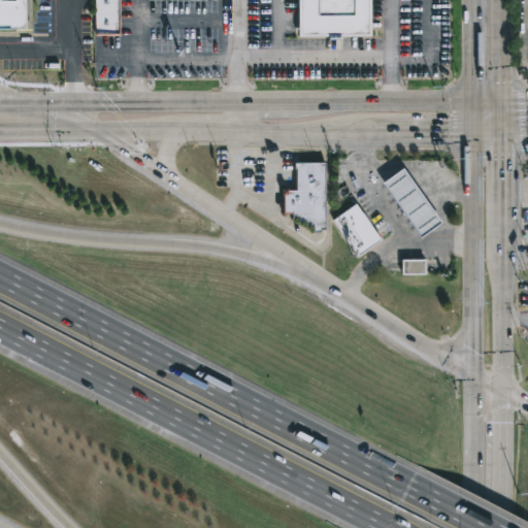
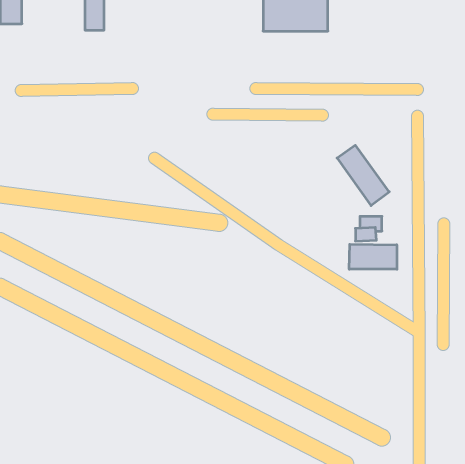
building: [282,159,324,228] -> none
building: [334,205,381,256] -> none
building: none -> [349,244,397,269]

